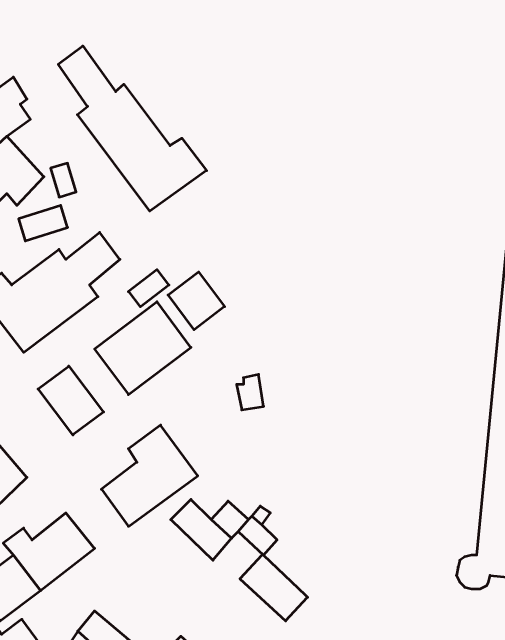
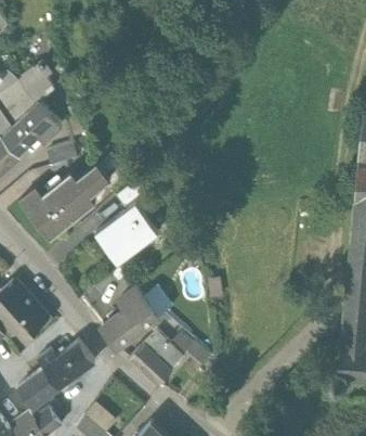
building: [58,46,207,211] -> none
building: [168,272,225,330] -> none
building: [38,366,104,435] -> none
building: [240,555,308,621] -> [128,346,171,388]

